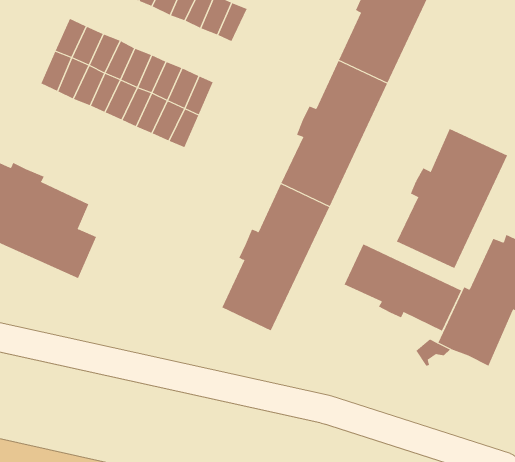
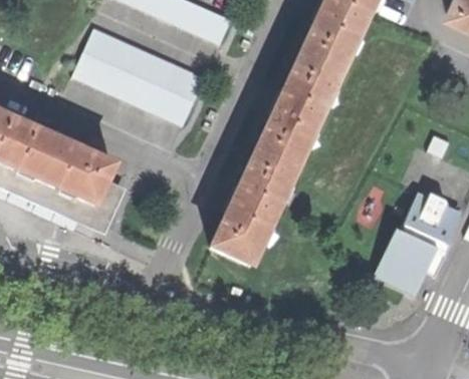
building: [396,128,508,269] -> none
building: [344,244,462,331] -> none

